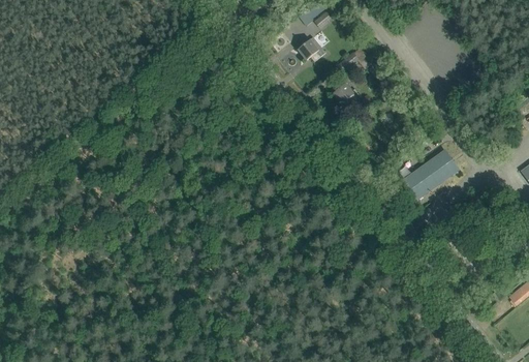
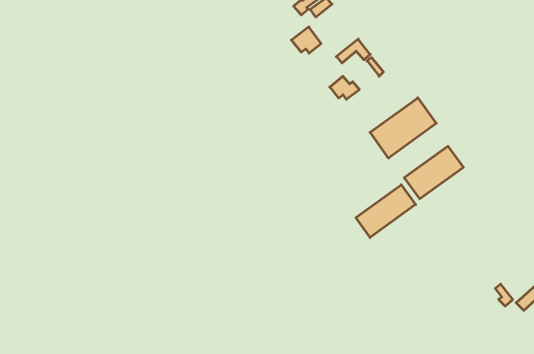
building: none -> [370,98,436,158]
building: none -> [356,185,416,238]

